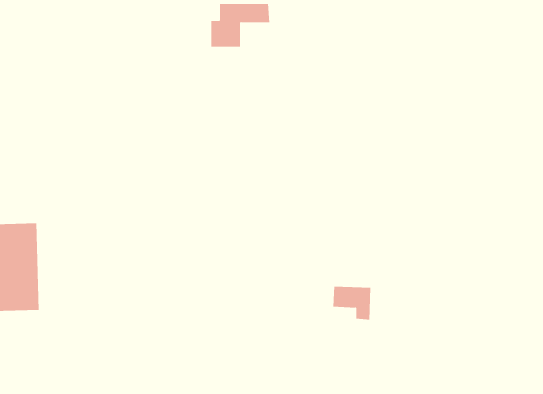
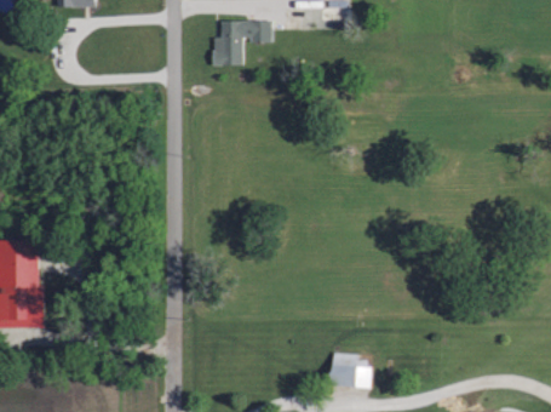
building: [332,286,371,320] -> [331,355,369,389]

